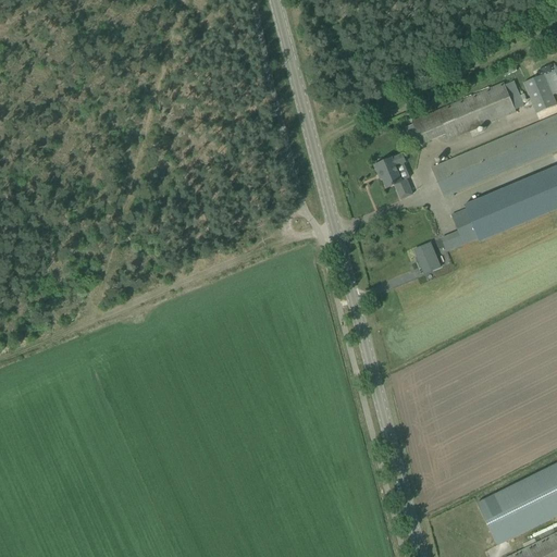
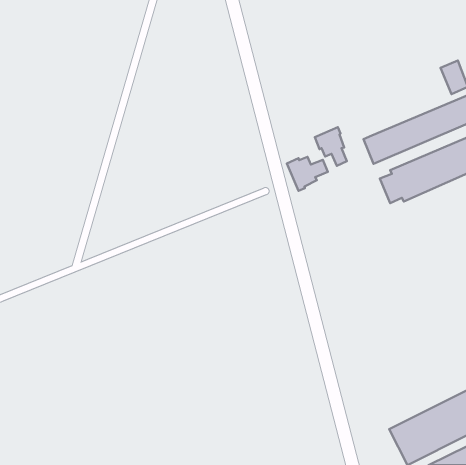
building: [414,79,525,141] -> none
building: none -> [287,157,328,191]
building: [416,240,442,271] -> none

